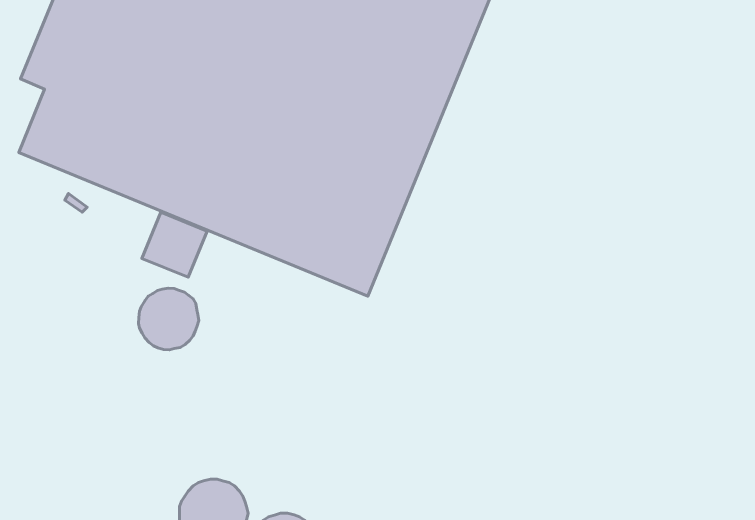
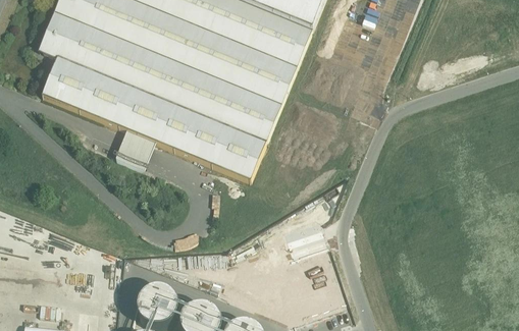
building: [139,288,199,350] -> none

